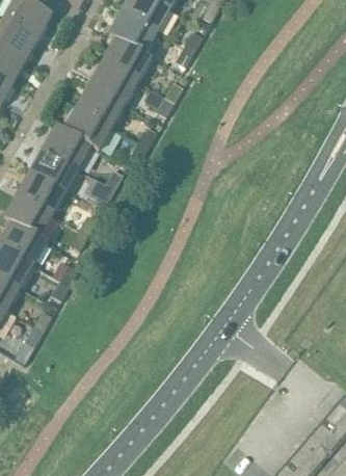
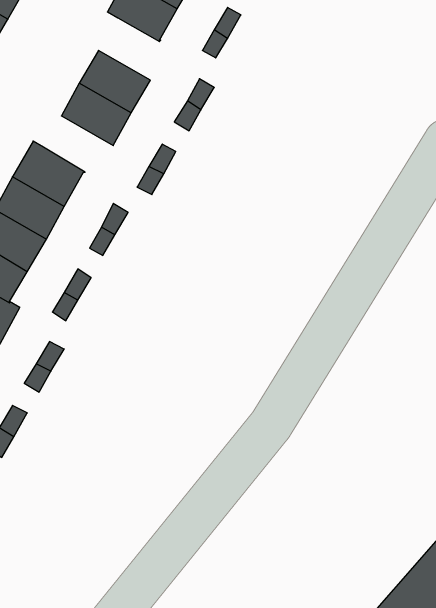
building: [101,39,151,83] -> none
building: [62,108,111,152] -> none

